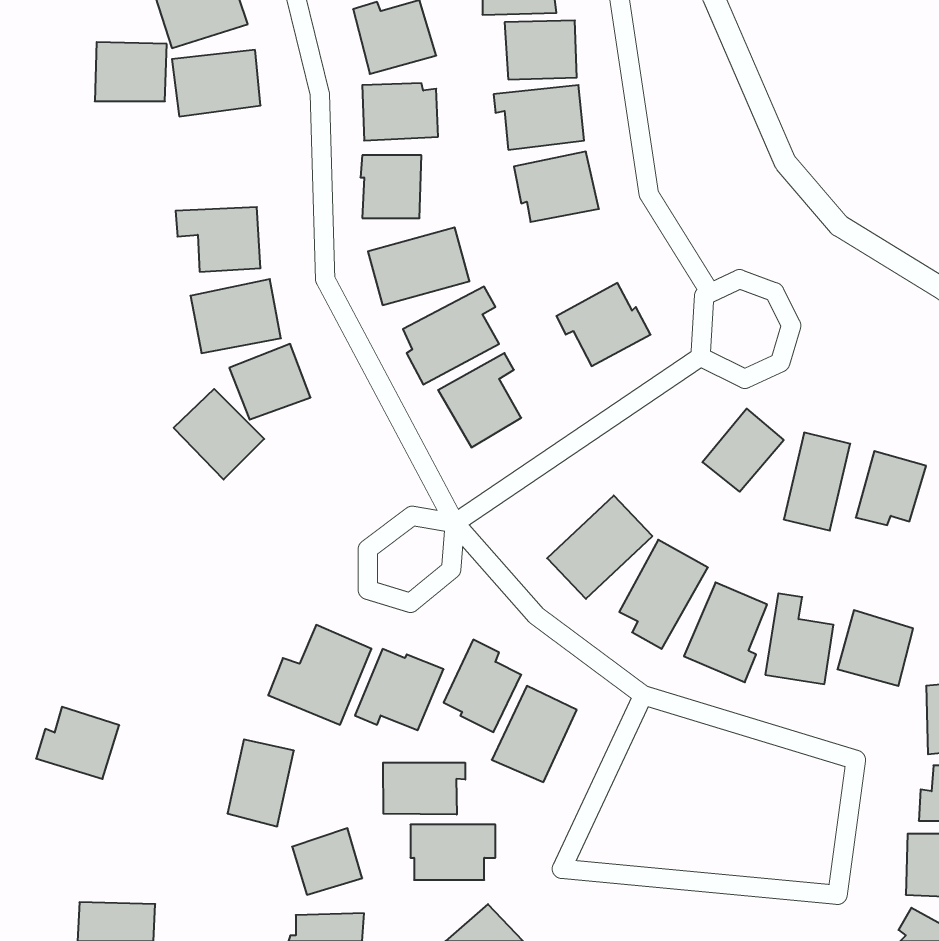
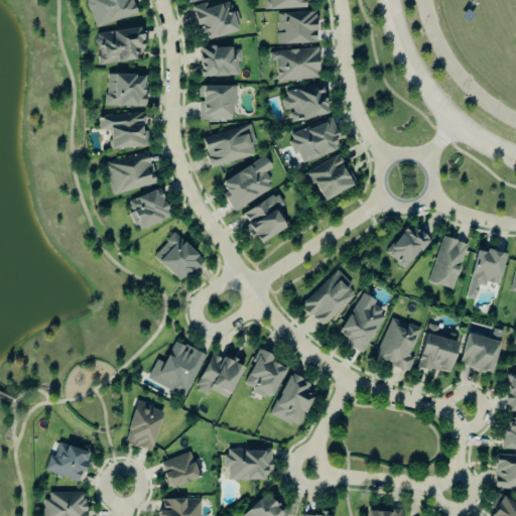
building: [95,42,167,101] -> [107,74,146,106]
building: none -> [290,121,342,161]
building: [174,389,264,480] -> [154,233,204,282]
building: [36,707,119,779] -> [45,442,91,482]
building: [383,763,465,815] -> none

